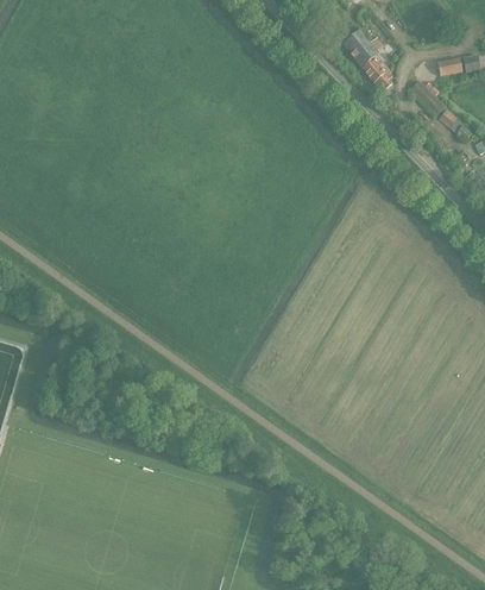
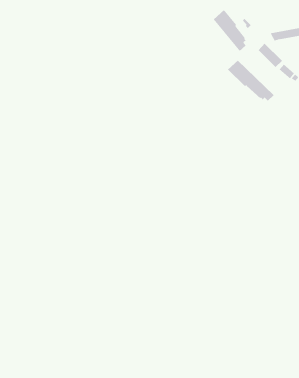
building: none -> [227,60,275,101]

